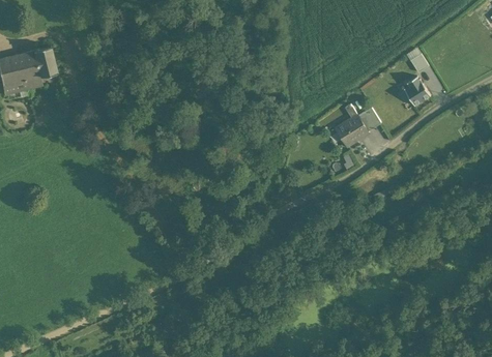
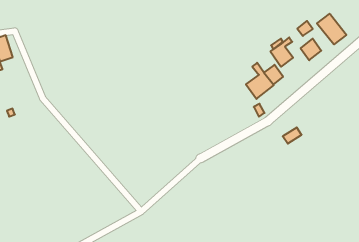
building: none -> [317,14,346,44]
building: none -> [271,37,293,67]

